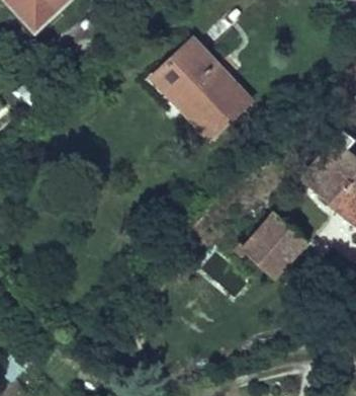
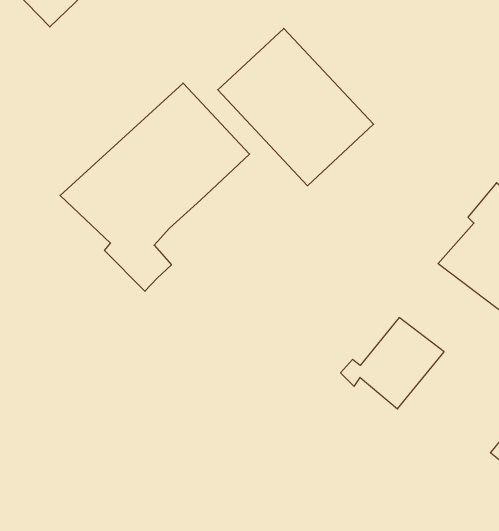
building: none -> [60,83,250,291]

